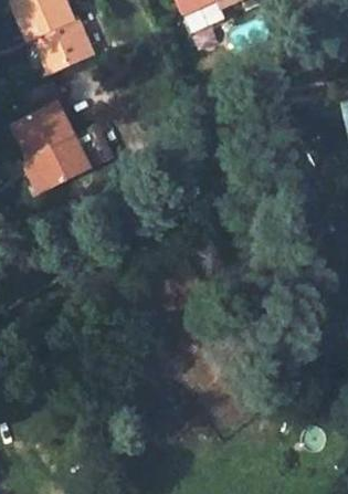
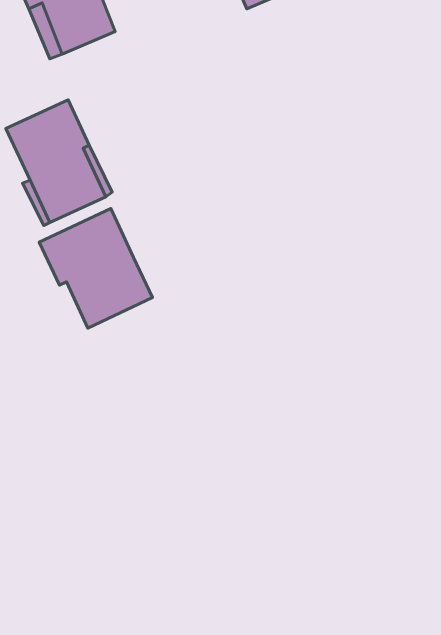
building: none -> [39,208,153,328]

